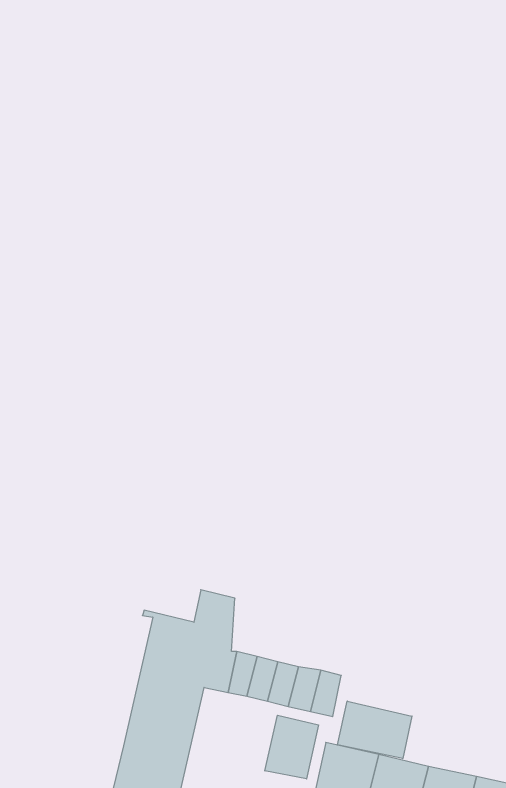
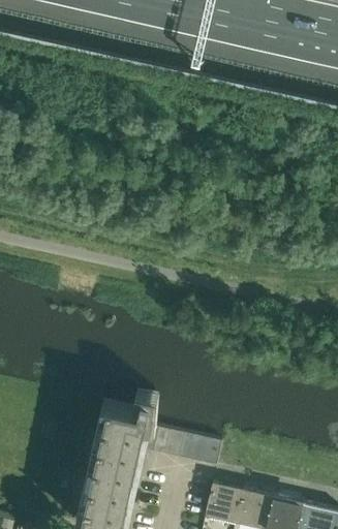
building: [337,701,412,759] -> none
building: [265,715,318,779] -> none

